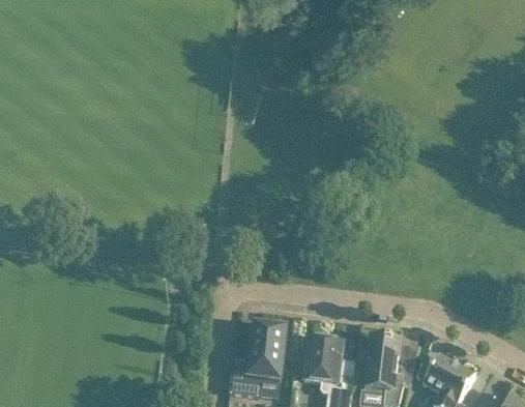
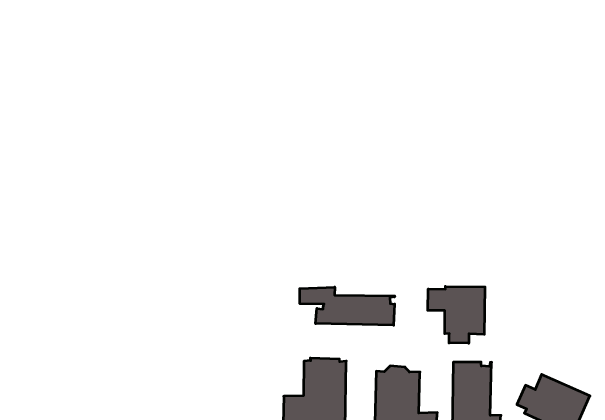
building: none -> [300,287,395,325]
building: none -> [428,286,485,343]

